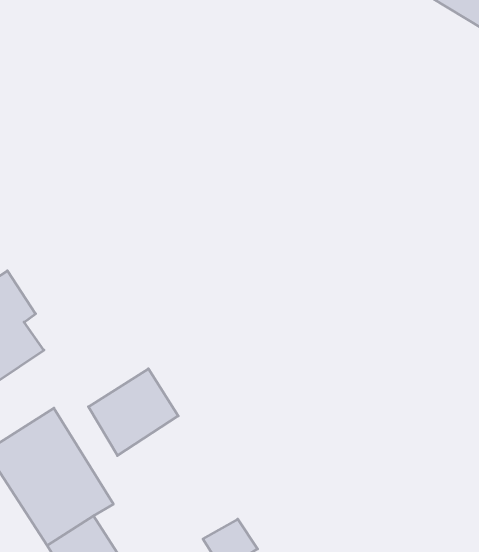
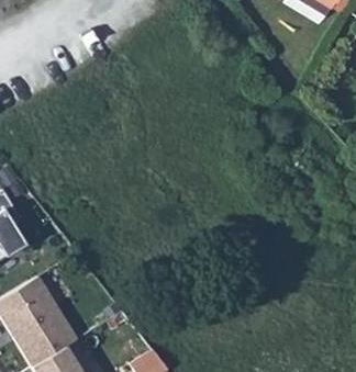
building: [88,369,178,456] -> none

